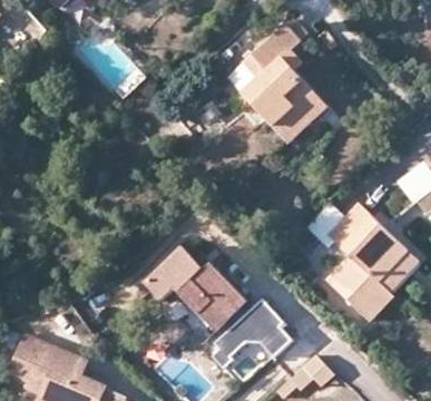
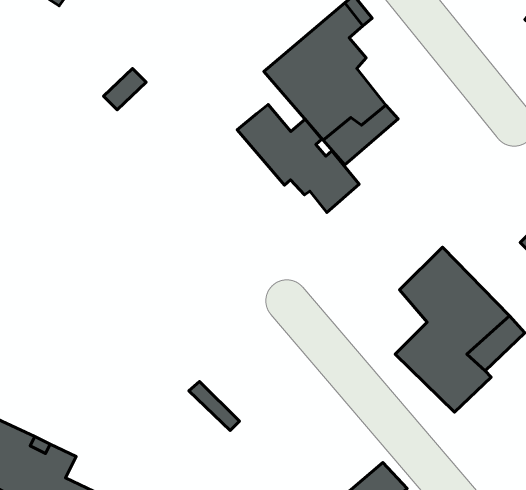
building: none -> [237,105,359,212]
building: [139,238,243,325] -> none
building: [210,302,291,371] -> none

